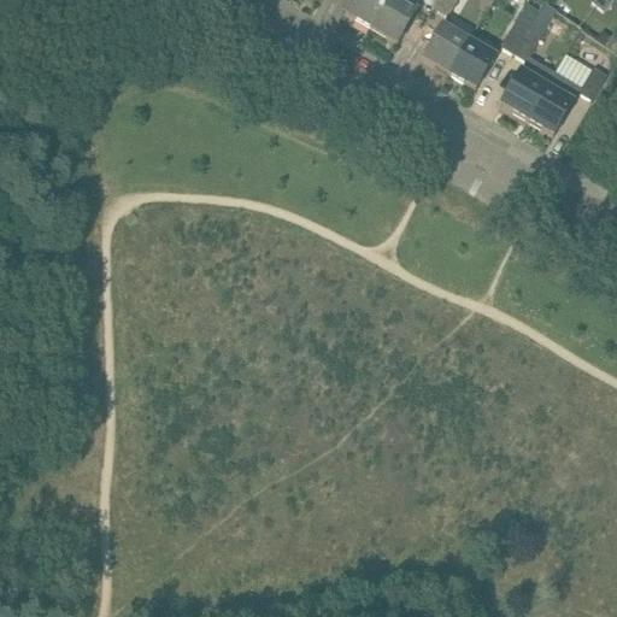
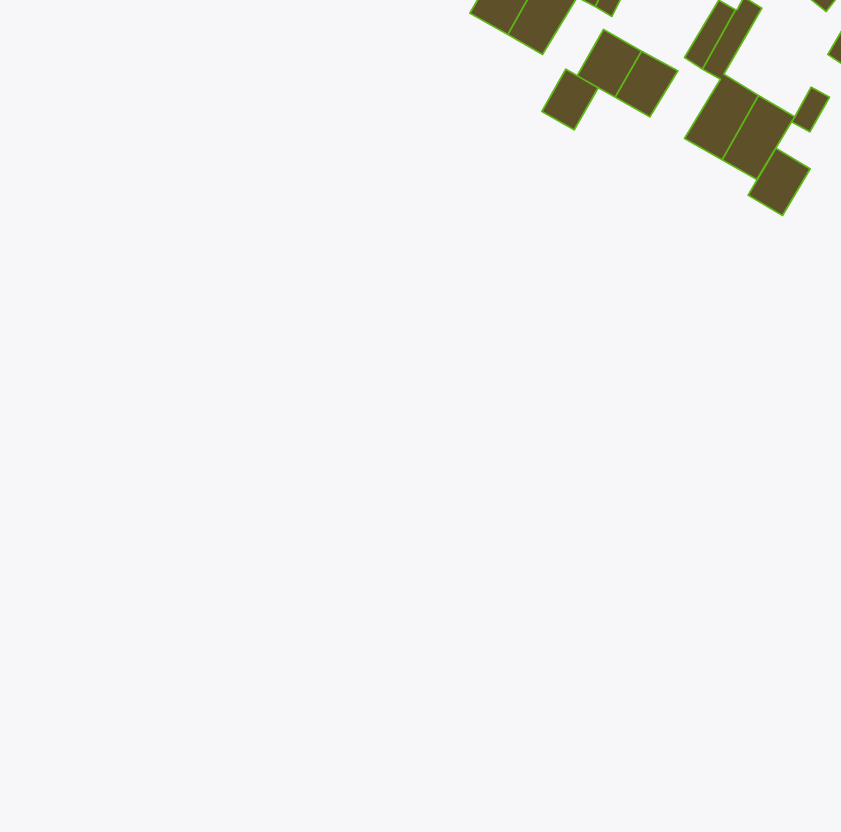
building: none -> [542,69,598,130]
building: none -> [748,148,810,216]

